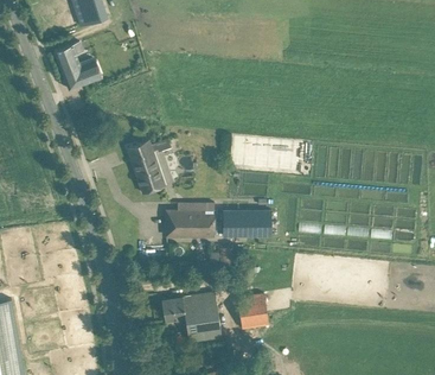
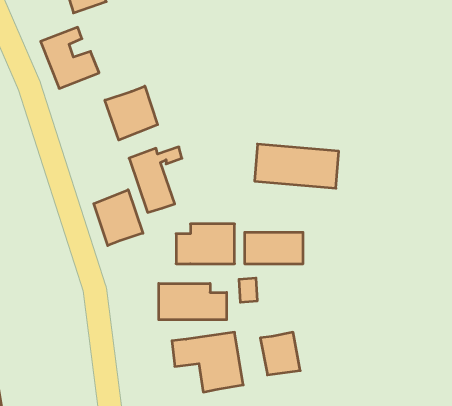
building: none -> [105,86,158,140]
building: none -> [94,190,143,246]
building: none -> [159,283,227,320]

